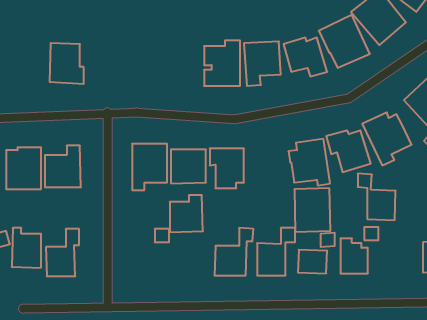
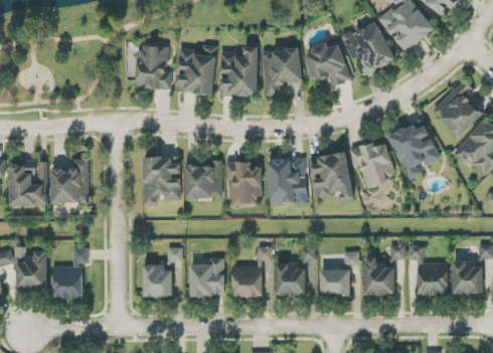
building: none -> [175,45,216,95]
building: [50,43,84,84] -> [135,46,171,90]
building: [358,174,396,220] -> [407,245,448,295]
building: [294,188,330,232] -> [268,158,306,204]
building: [170,195,203,232] -> [189,257,224,297]
building: none -> [143,264,172,297]

